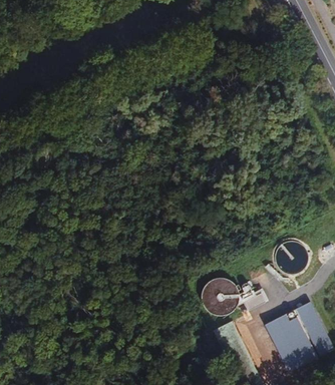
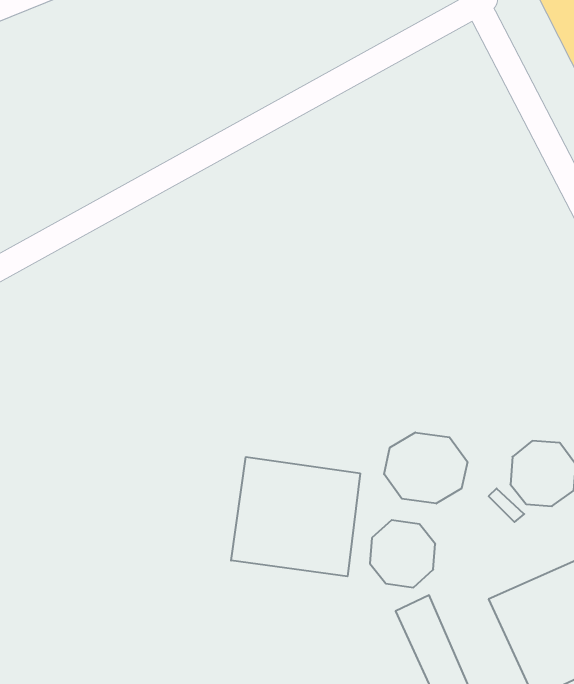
building: none -> [384,432,467,504]
building: none -> [231,457,360,576]

